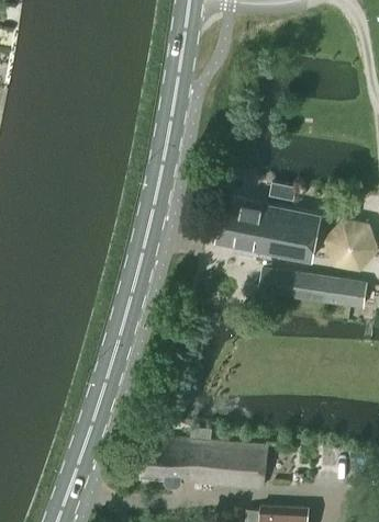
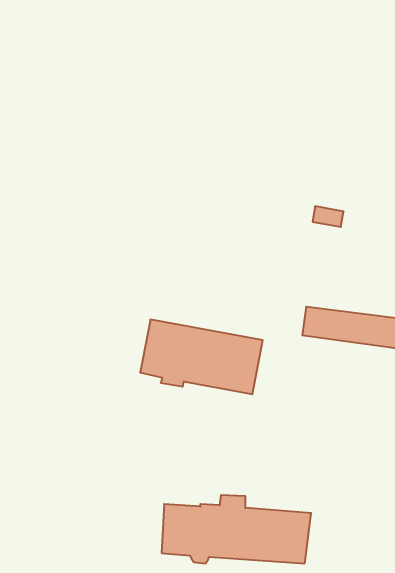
building: [216,198,321,262] -> [140,320,263,394]

